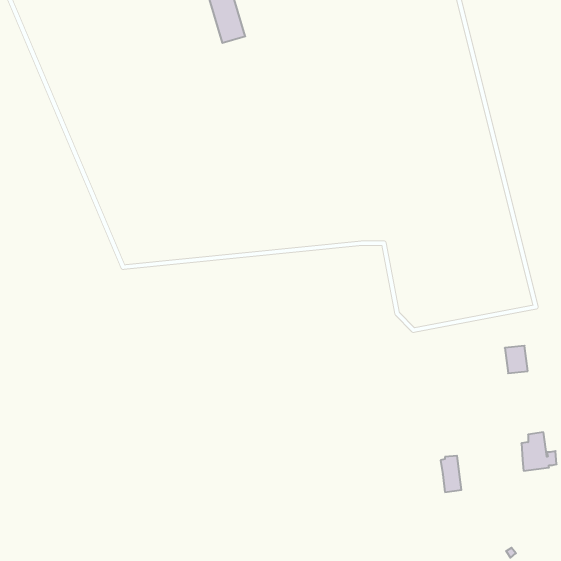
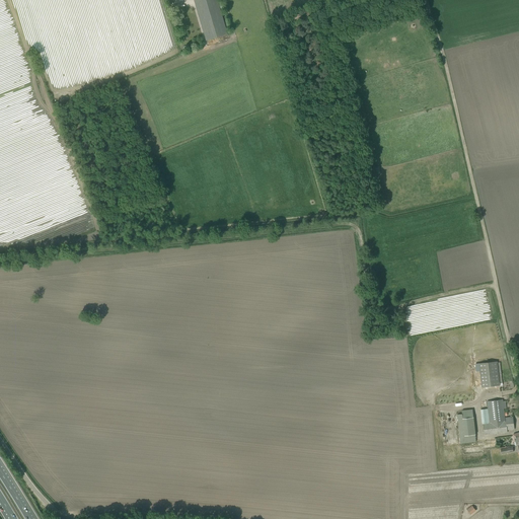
building: [505,346,528,373] -> [477,361,499,386]
building: [441,456,461,492] -> [456,410,475,443]

